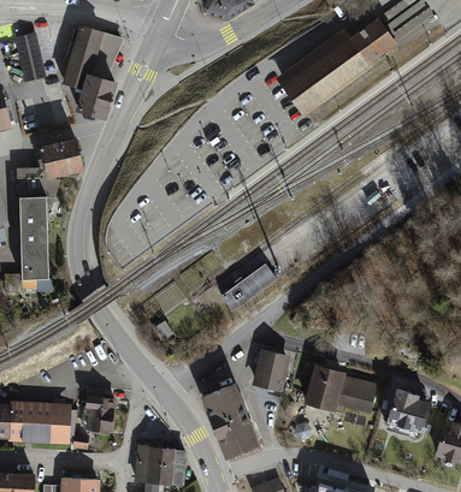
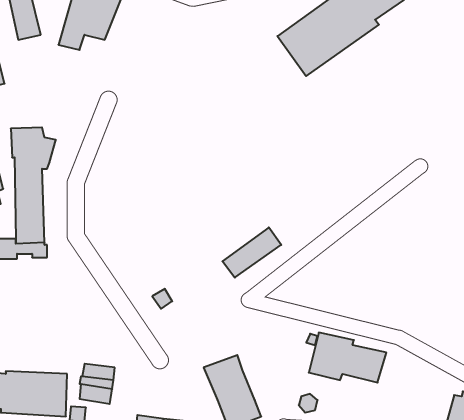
building: [76,78,118,125] -> none
building: [42,137,84,177] -> none
building: [254,352,286,389] -> none
building: [386,389,430,431] -> none

